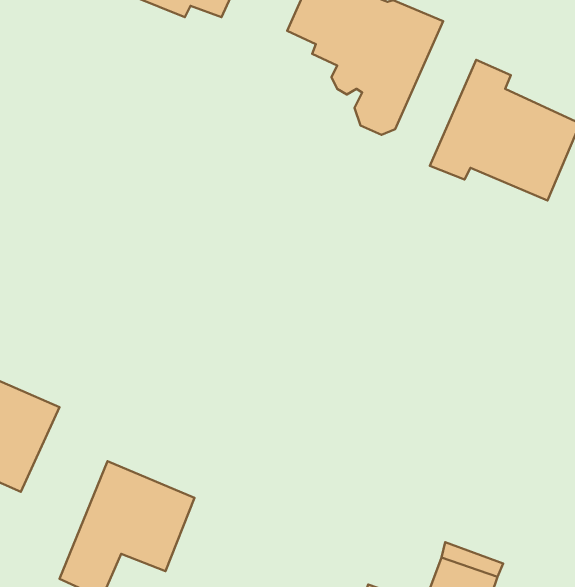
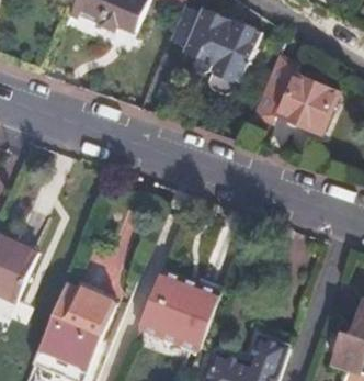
building: none -> [139,269,221,349]

